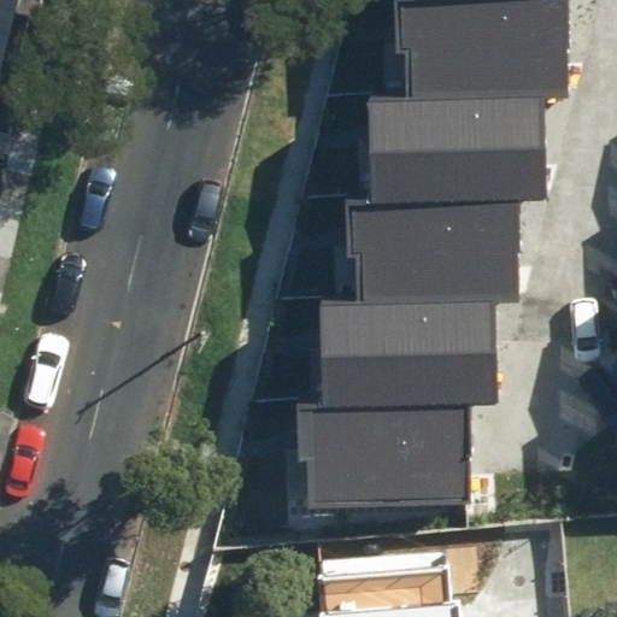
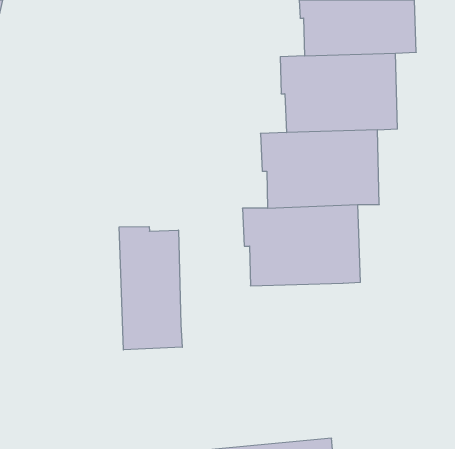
building: none -> [119,227,182,350]
building: [302,394,463,498] -> none

